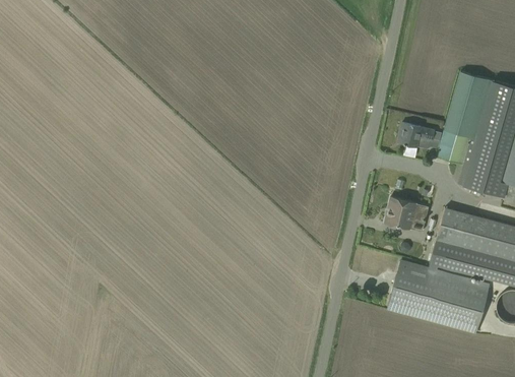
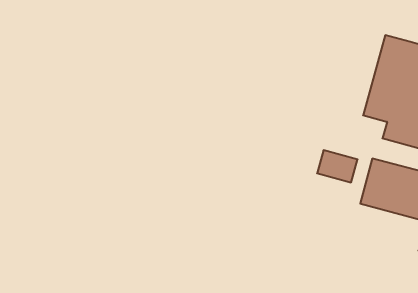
building: [399,123,434,158] -> none
building: [388,259,491,333] -> none

